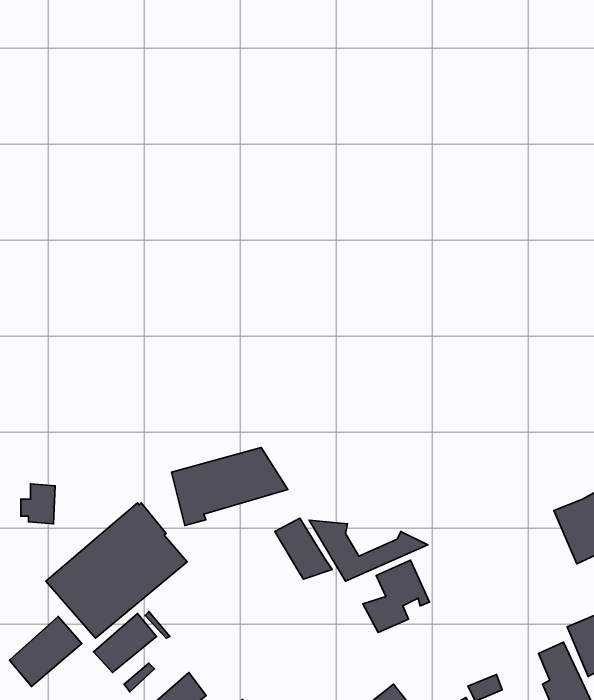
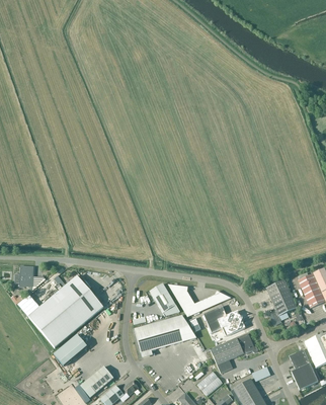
building: [171,447,288,526] -> [135,315,196,356]
building: none -> [266,279,297,322]
building: none -> [205,333,258,373]
building: [10,617,82,687] -> none

